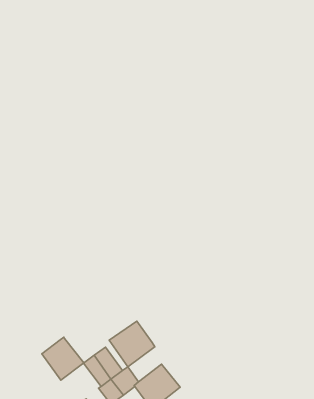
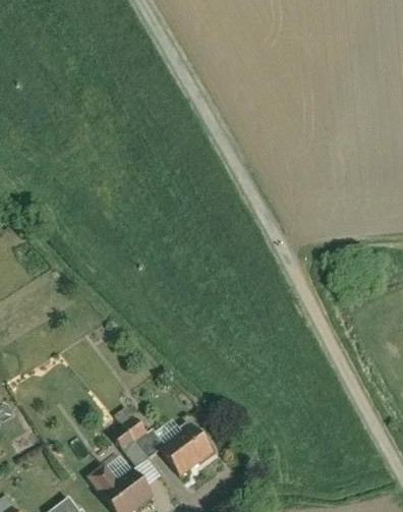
building: [109,321,155,367] -> none
building: [42,337,84,380] -> none

